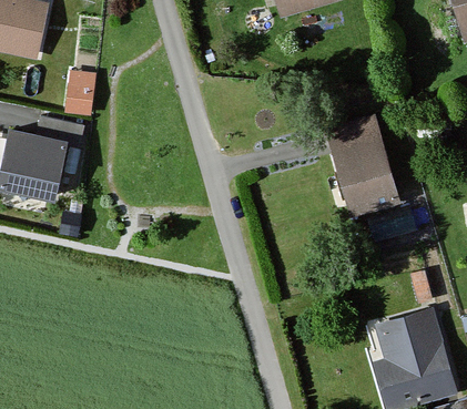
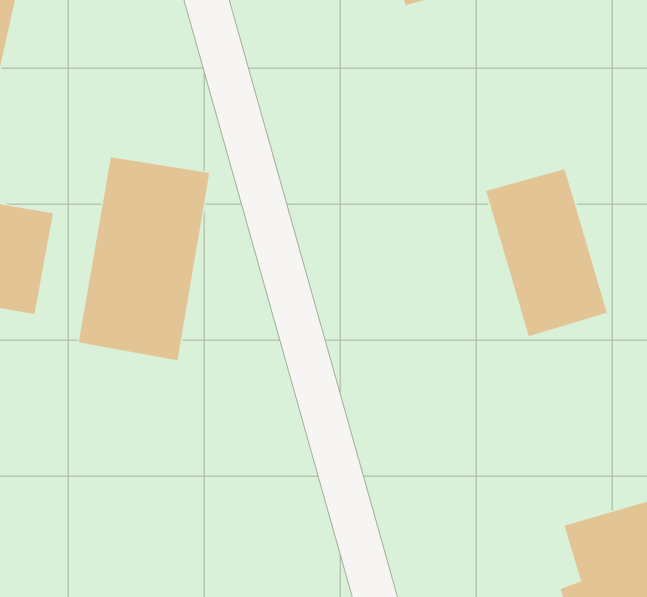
building: [65,67,95,111] -> none
building: none -> [78,157,210,361]

